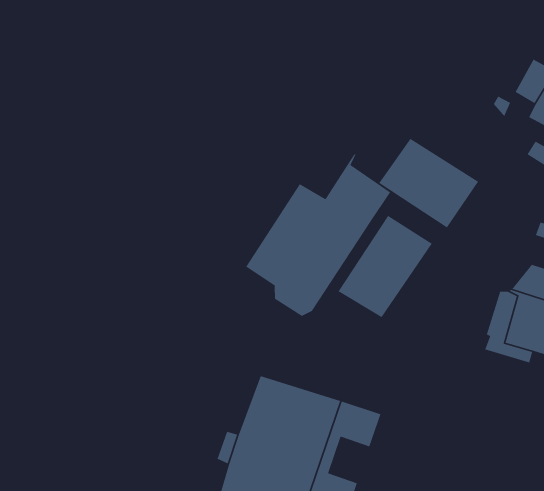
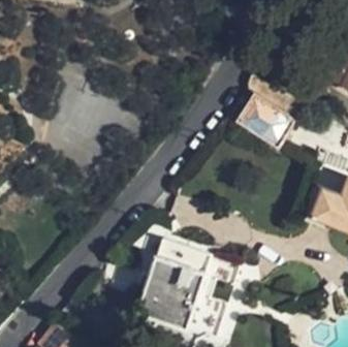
building: [245,153,391,317] -> none
building: [338,215,433,318] -> none

